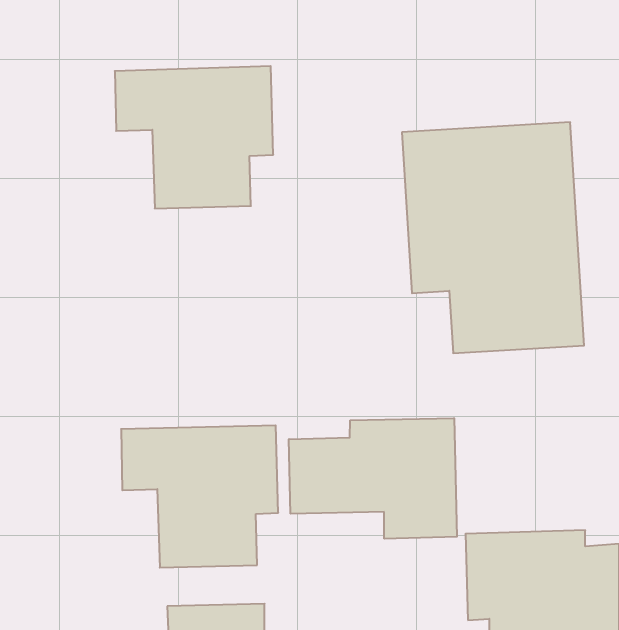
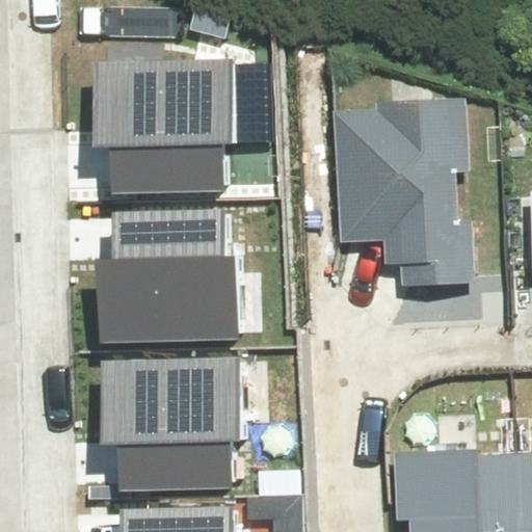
building: none -> [100,208,231,326]
building: [289,418,457,539] -> none

